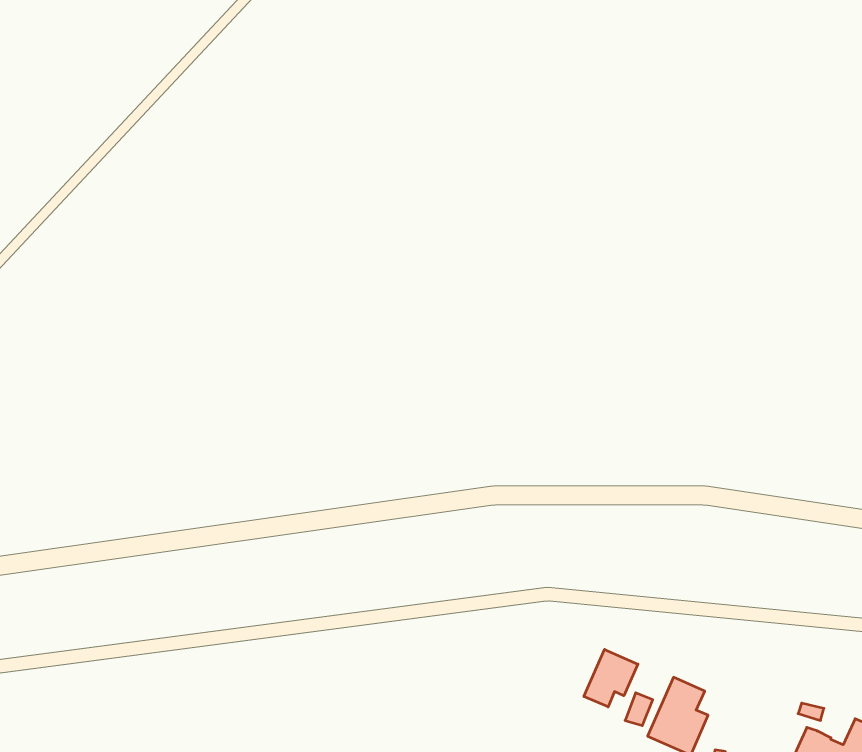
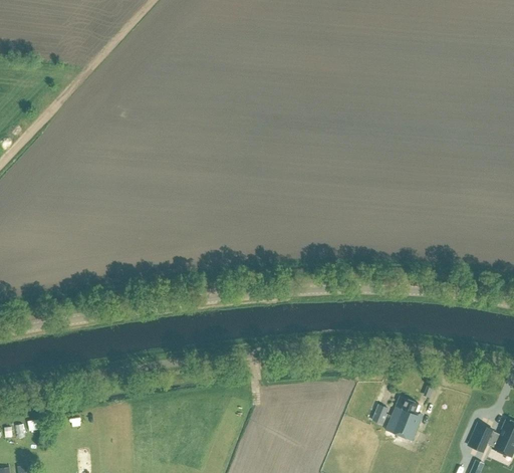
building: [584,649,638,707] -> none

